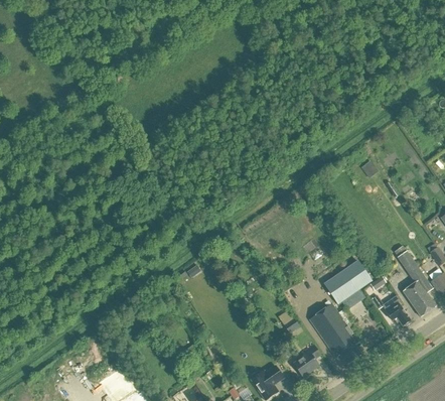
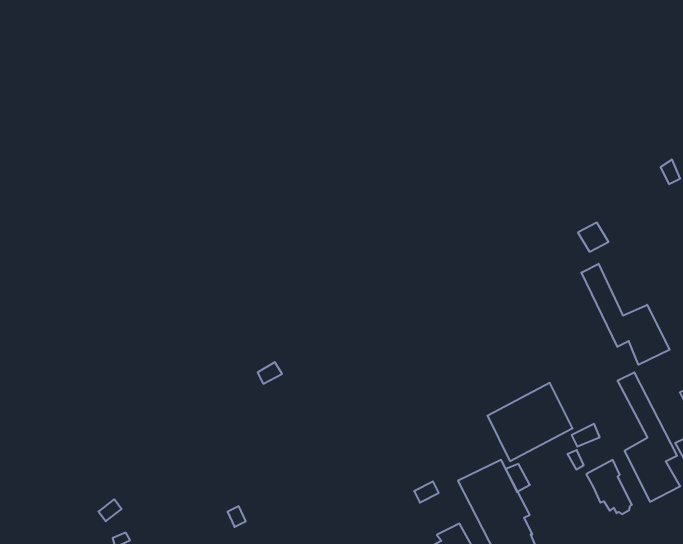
building: none -> [581,264,670,365]

